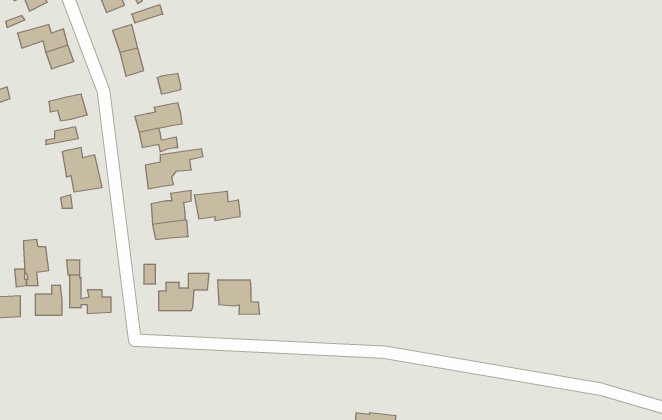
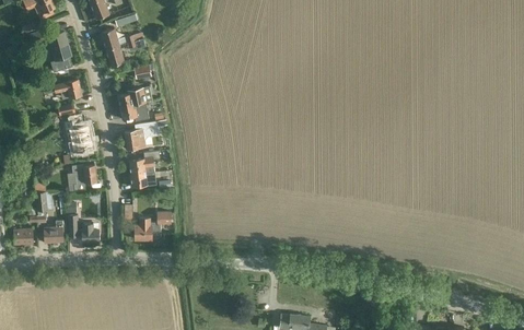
building: [195,191,240,221] -> none
building: none -> [72,165,96,190]
building: [218,280,260,314] -> none

